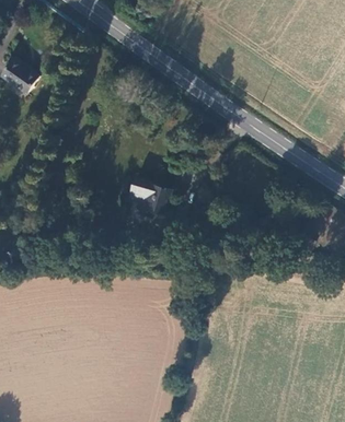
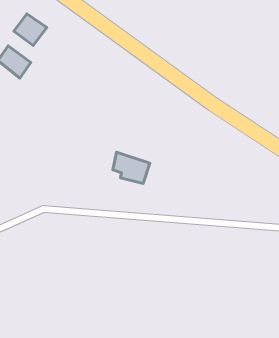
building: none -> [14,14,47,45]

